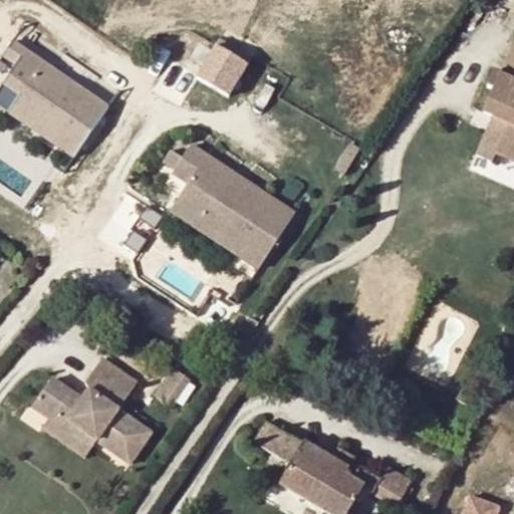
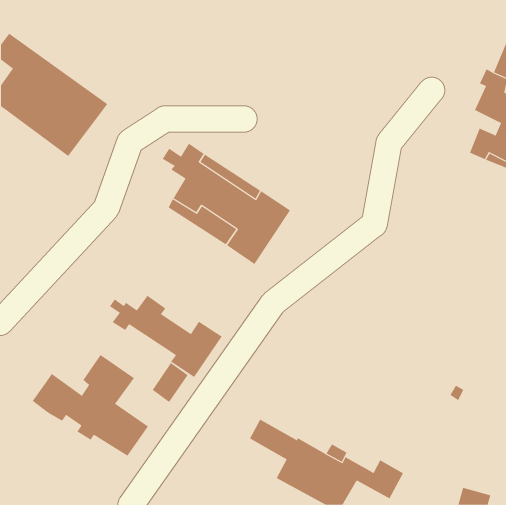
building: [192,42,247,96] -> none
building: none -> [109,295,223,378]
building: [42,418,93,459] -> none

